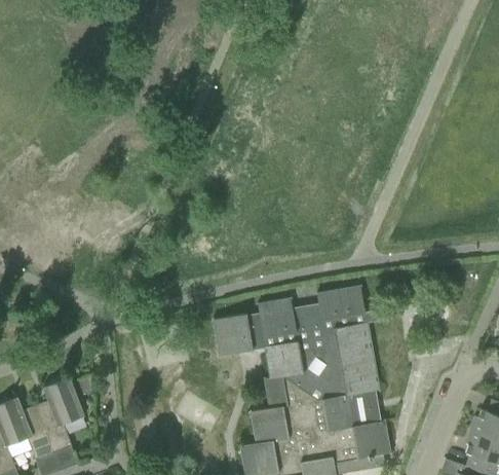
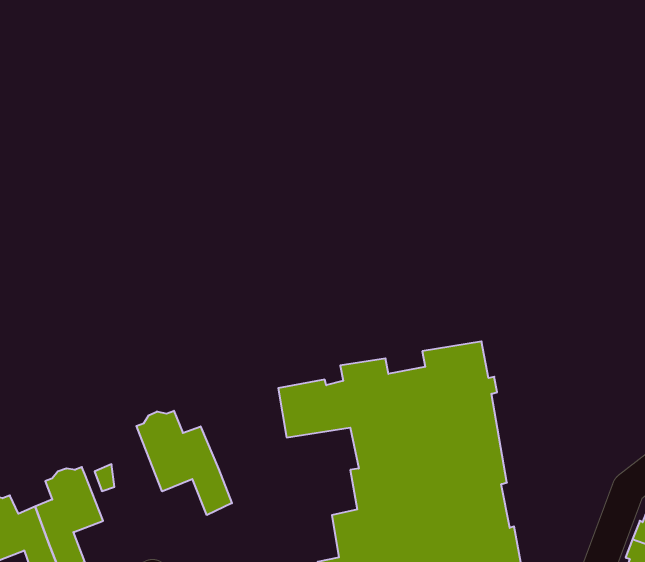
building: none -> [136,411,232,515]

